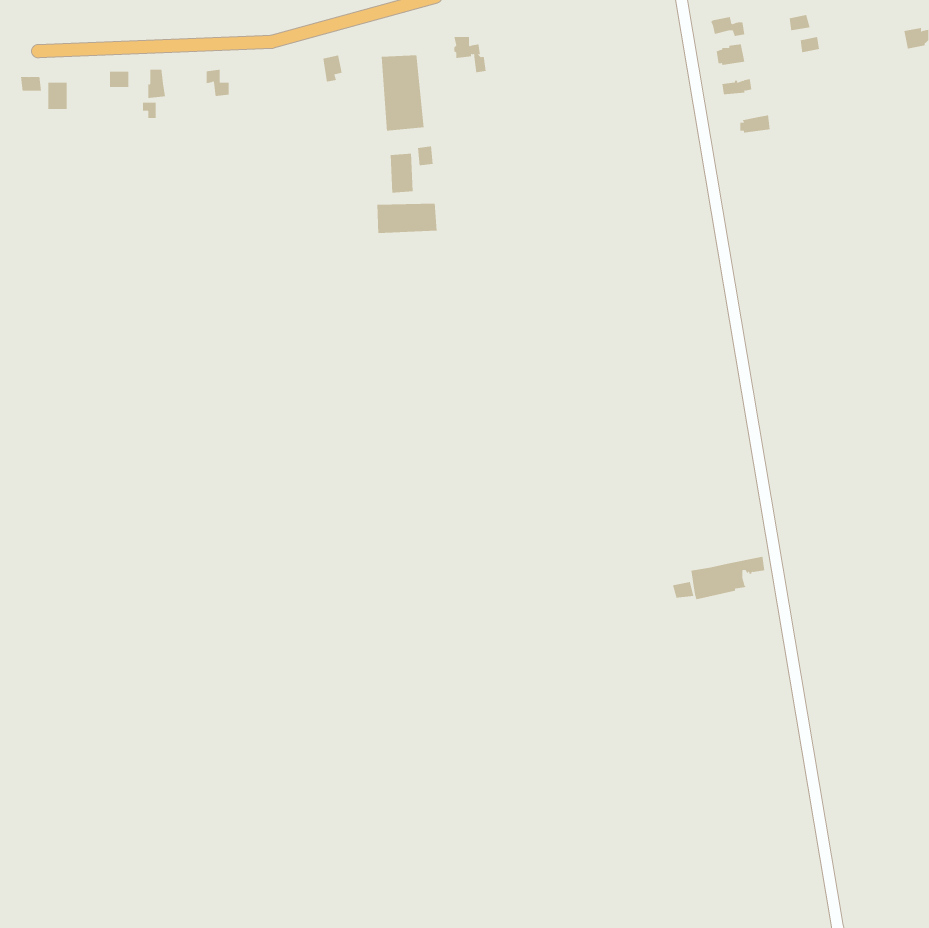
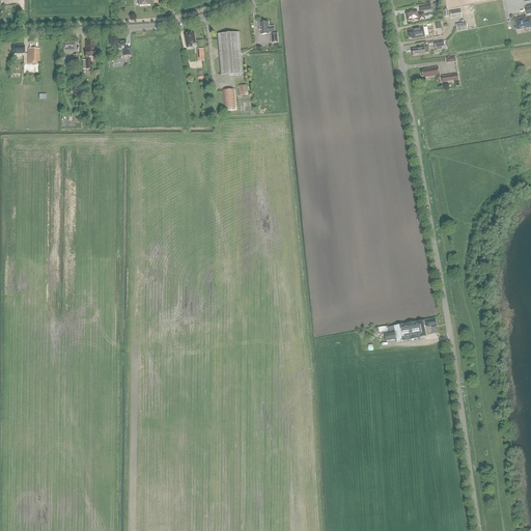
building: [377,203,437,234] -> none

